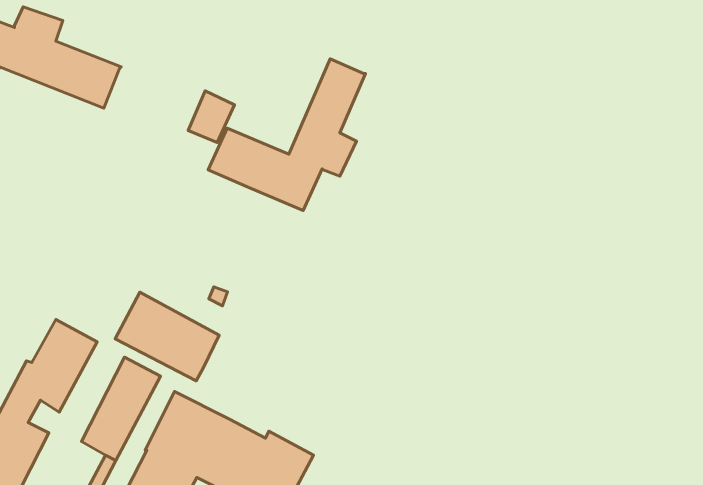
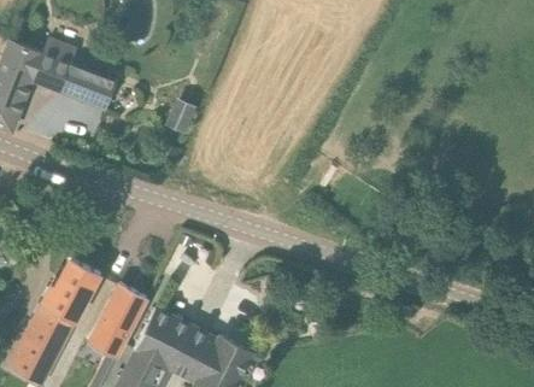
building: [208,59,366,210] -> none
building: [115,292,219,381] -> none

